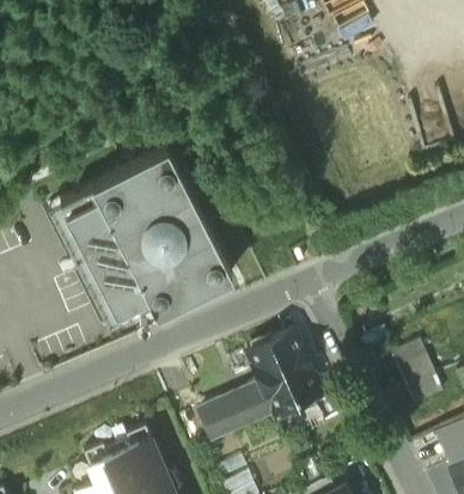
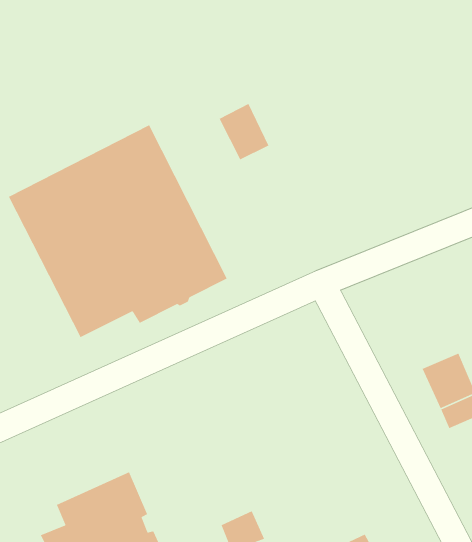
building: none -> [218,103,269,160]
building: [199,330,318,437] -> none

